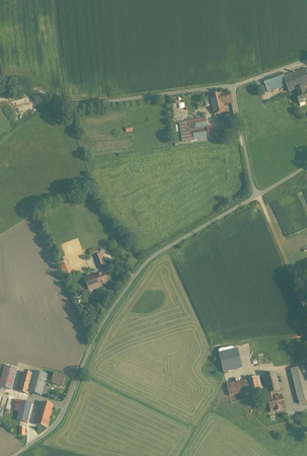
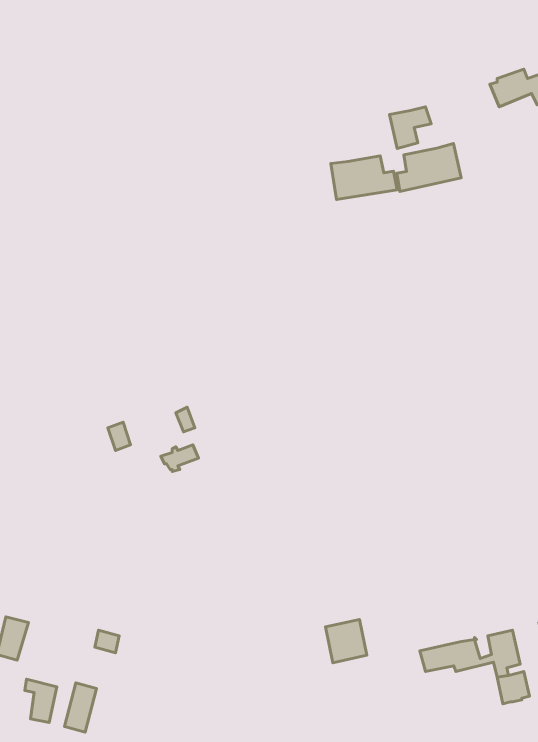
building: none -> [397,144,461,192]
building: [219,348,241,371] -> [325,619,367,663]
building: [17,369,47,394] -> none

